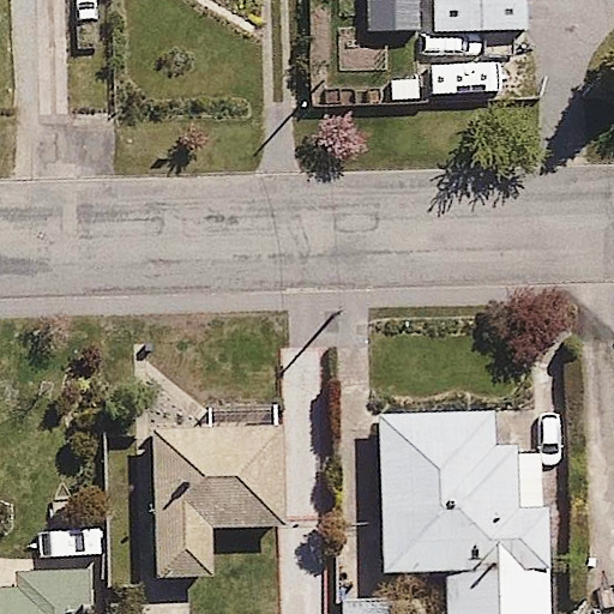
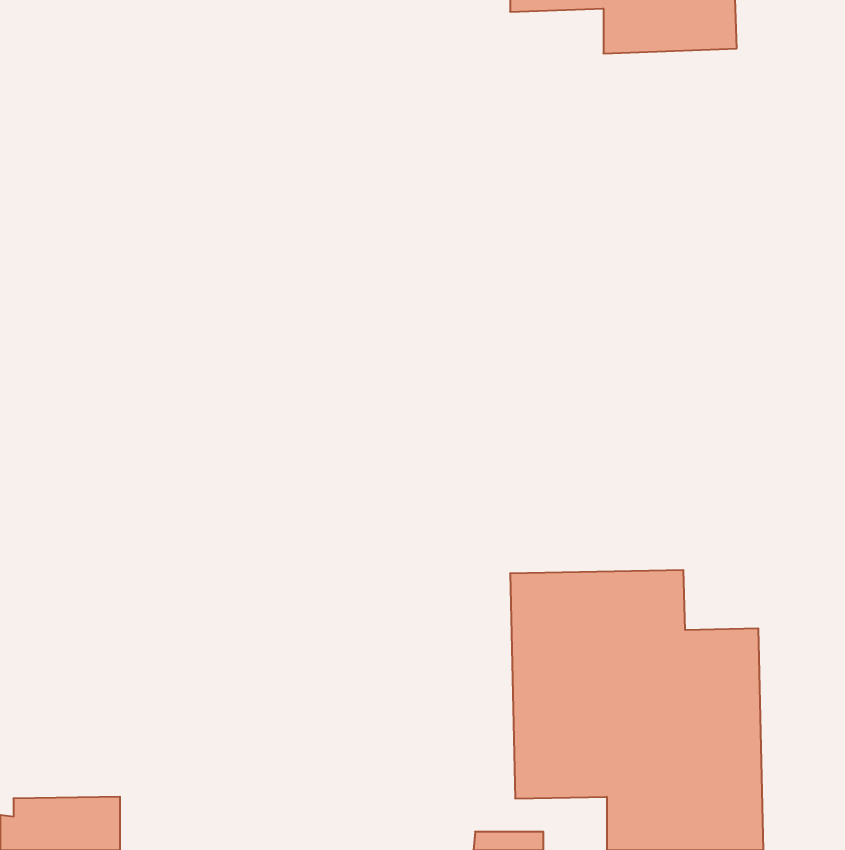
building: [149,403,288,585] -> none

